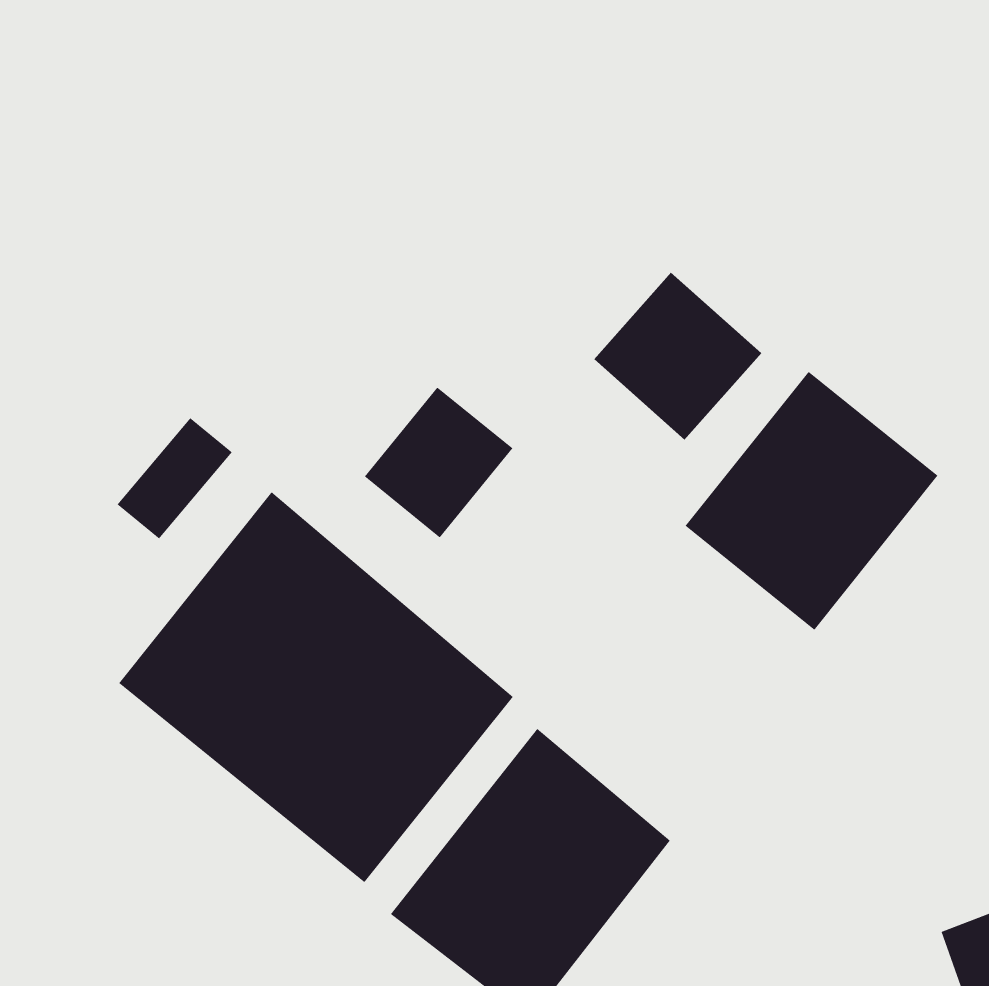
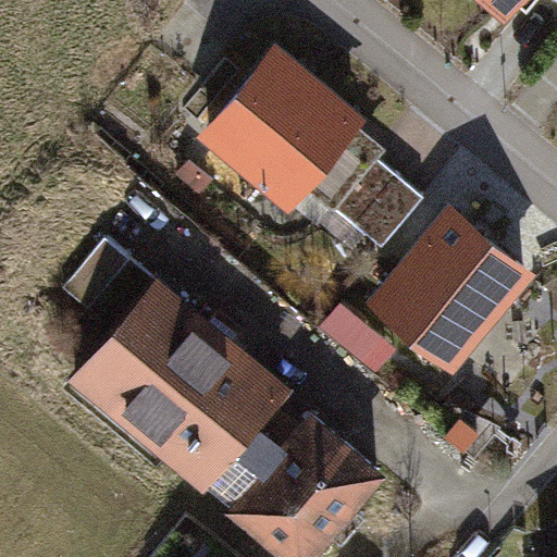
building: none -> [213,52,359,197]
building: [364,386,513,538] -> none

